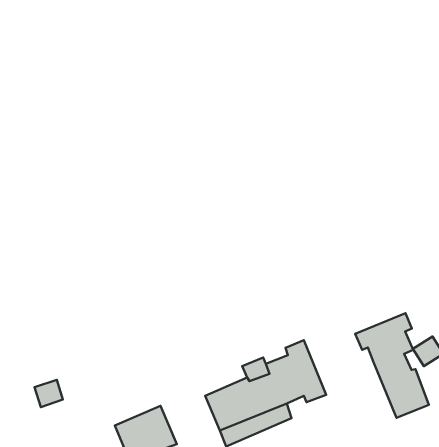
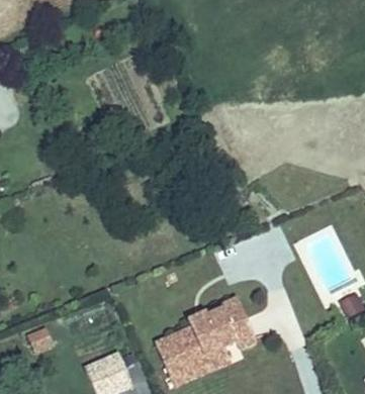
building: [355,313,429,418] -> none

